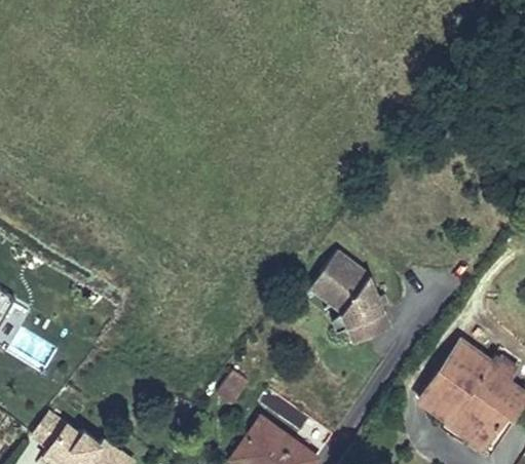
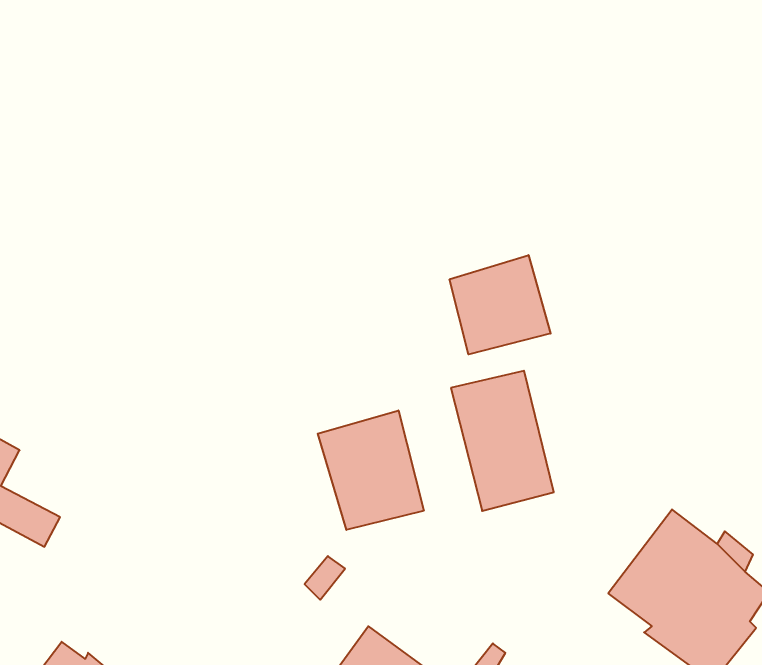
building: none -> [450,255,551,354]
building: none -> [318,410,424,530]

